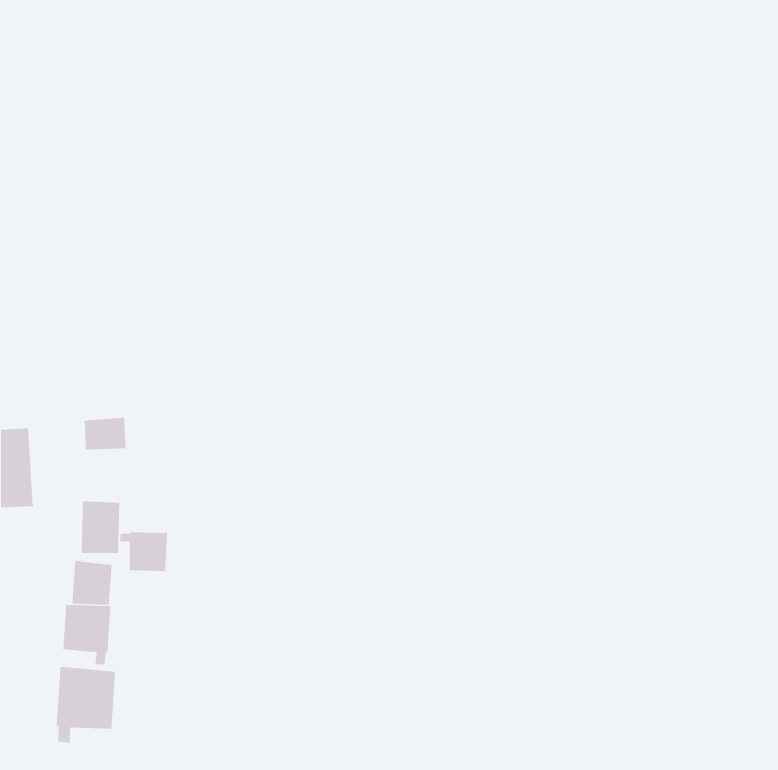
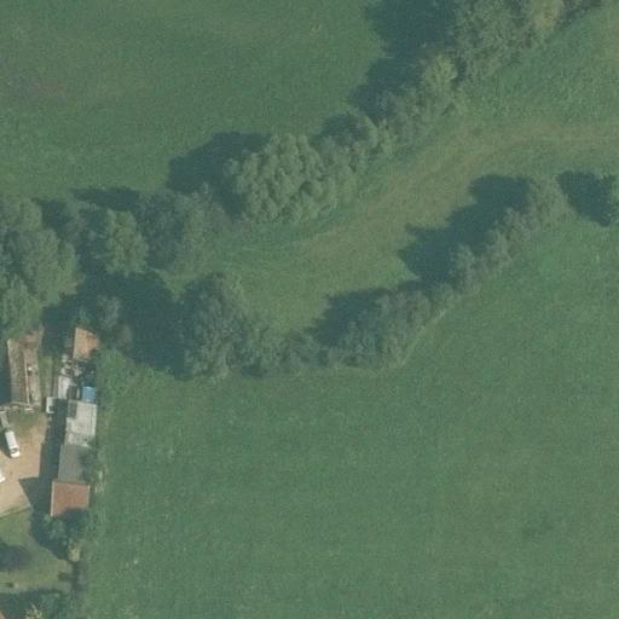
building: [119,531,168,572] -> none
building: [56,666,116,744] -> none

